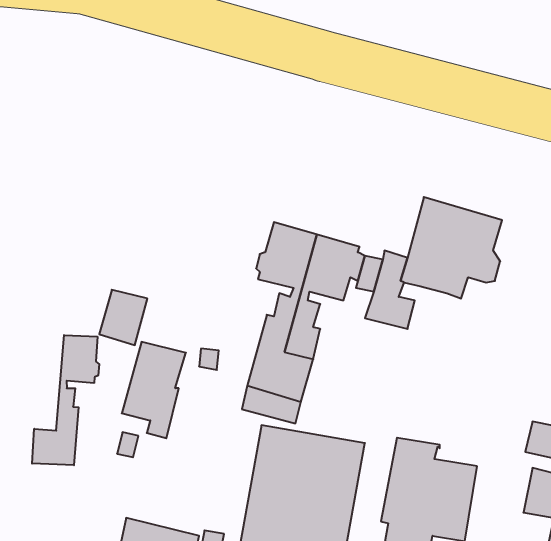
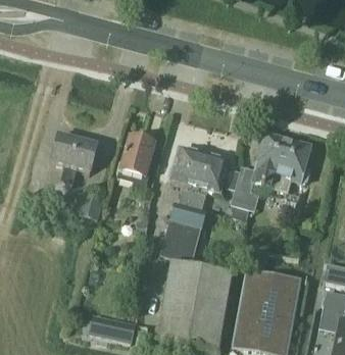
building: none -> [50,133,97,183]
building: [32,335,99,465] -> none
building: [122,342,186,438] -> [117,138,154,193]

